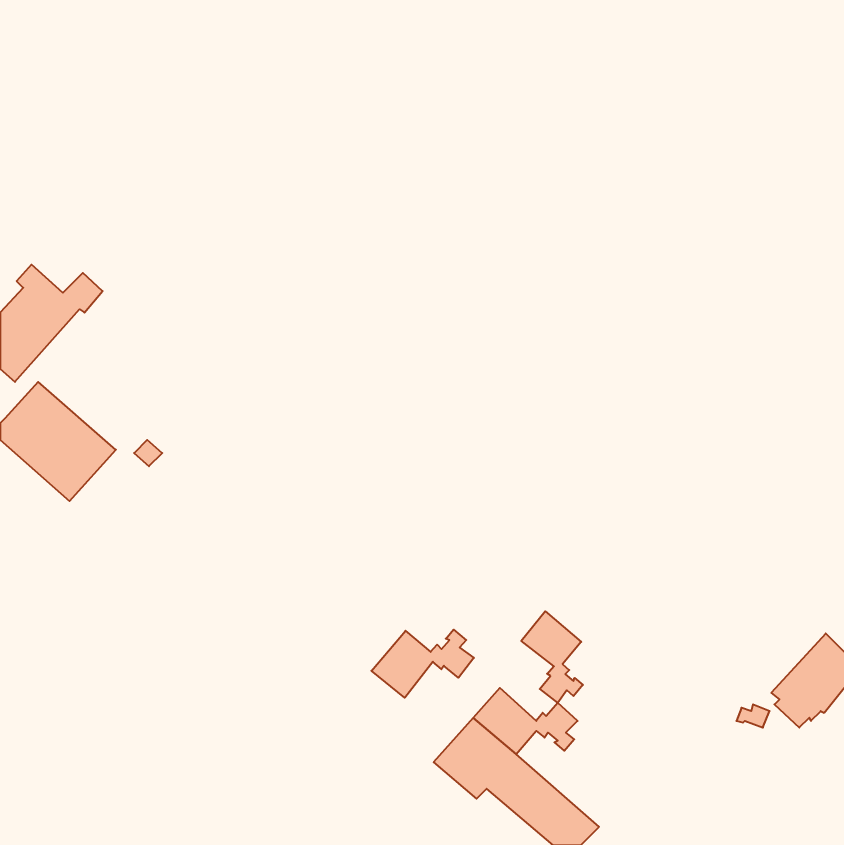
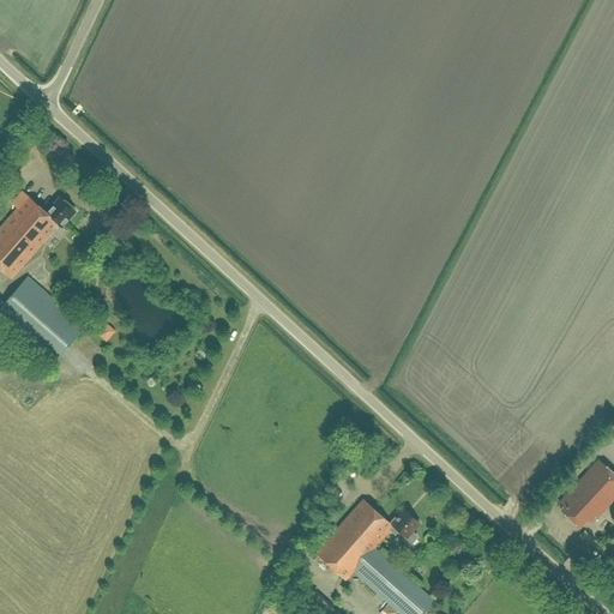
building: [521,611,583,703] -> none
building: [371,630,474,698] -> none

